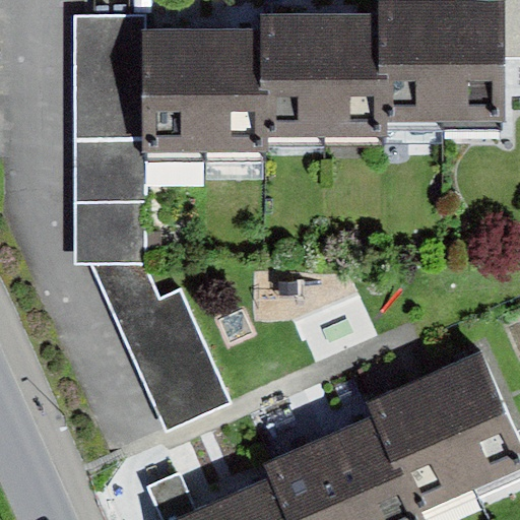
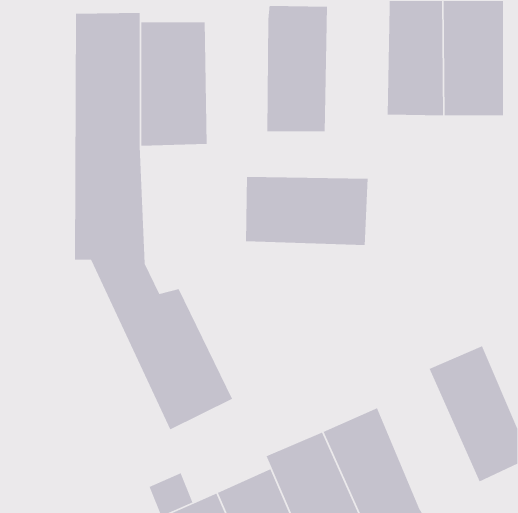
building: [325,13,388,139] -> none
building: [205,26,267,151] -> none
building: none -> [245,176,369,246]
building: [371,375,478,515] -> none

